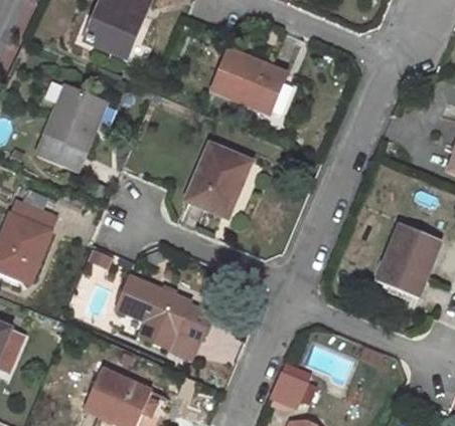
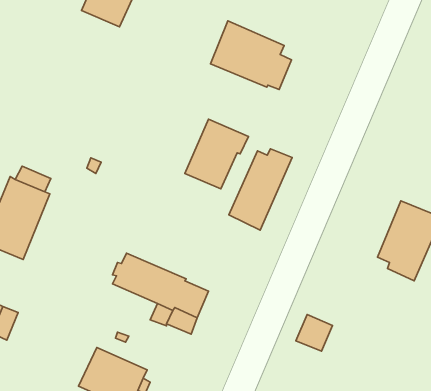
building: [36,81,106,172] -> none
building: none -> [229,149,292,230]
building: [270,371,306,407] -> [296,314,333,351]

